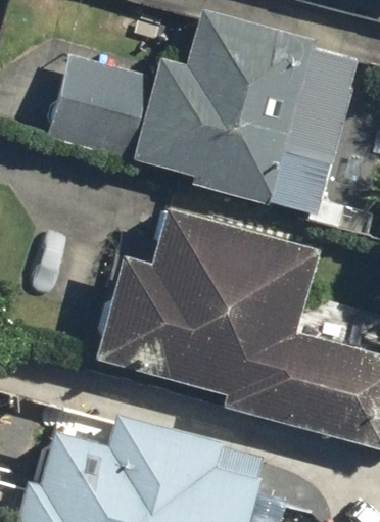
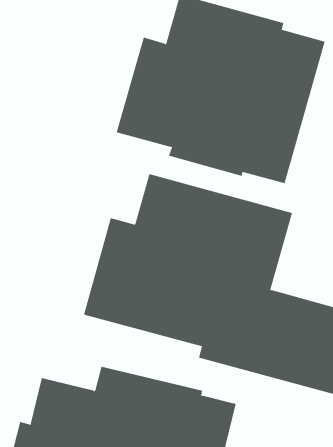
building: [47,56,149,161] -> none

